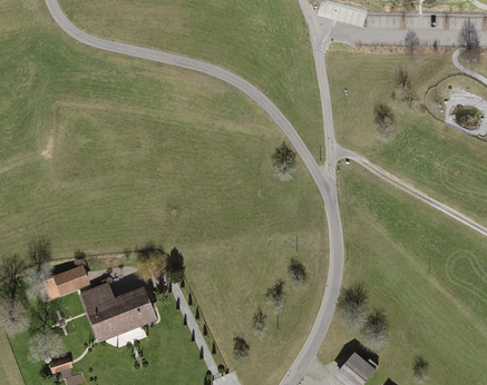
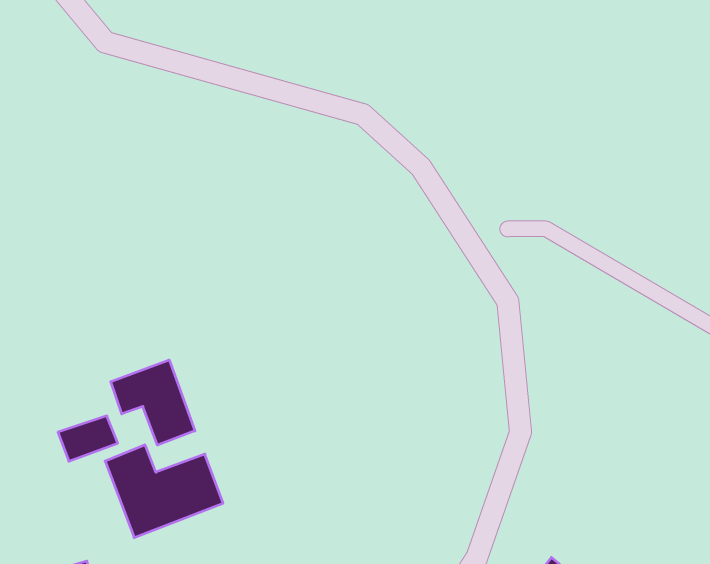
building: none -> [111,360,195,445]

